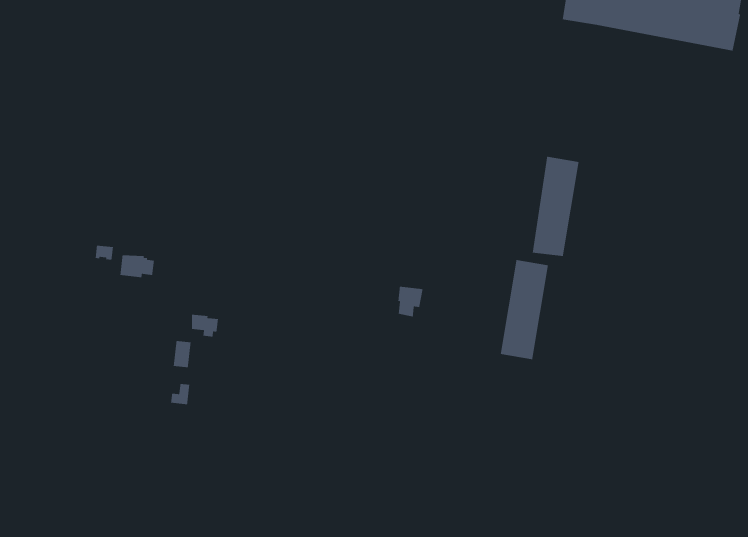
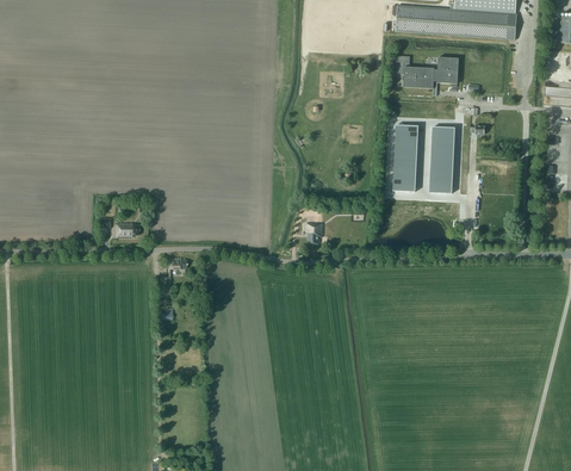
building: none -> [395,54,458,93]
building: [500,259,549,360] -> [428,125,454,192]

